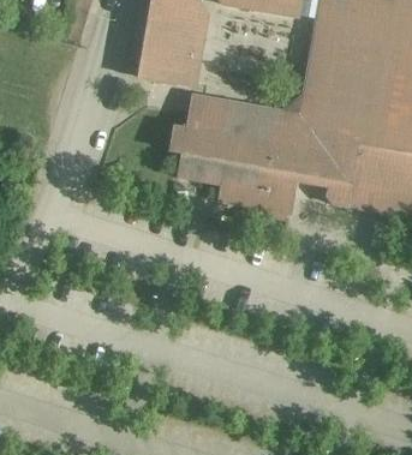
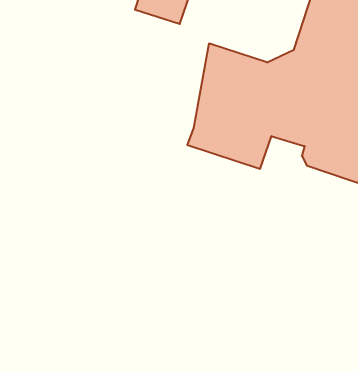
building: [168,96,222,182] -> none

